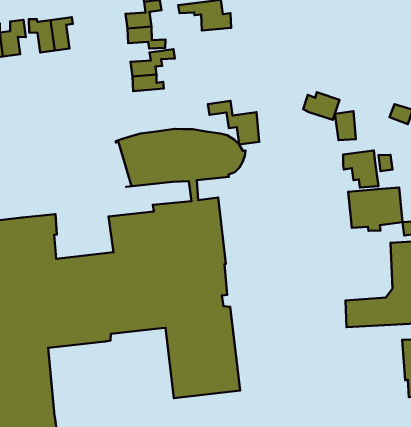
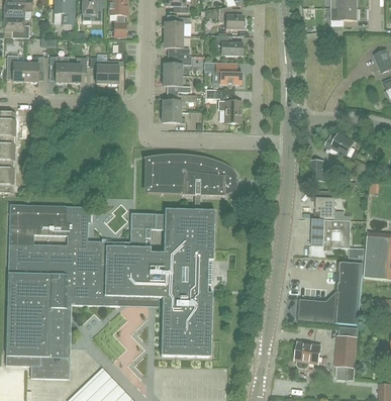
building: [303,92,340,120] -> [325,132,354,155]
building: [208,101,259,144] -> [205,89,240,122]
building: none -> [294,341,320,367]

